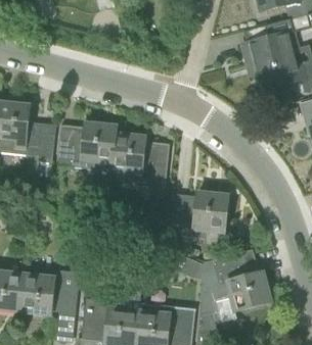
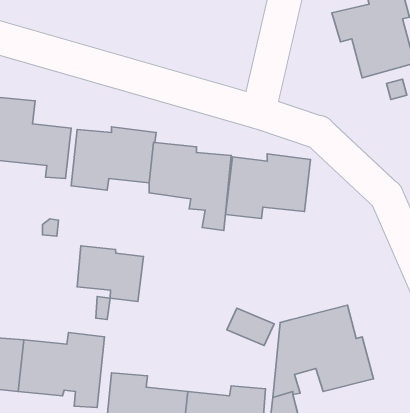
building: [168,191,228,237] -> [225,154,310,219]
building: none -> [77,246,144,301]

